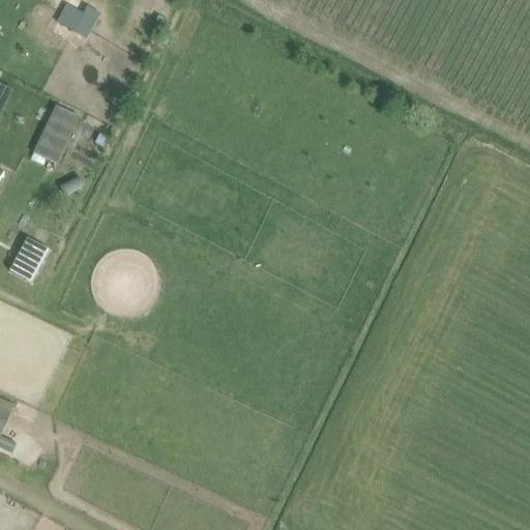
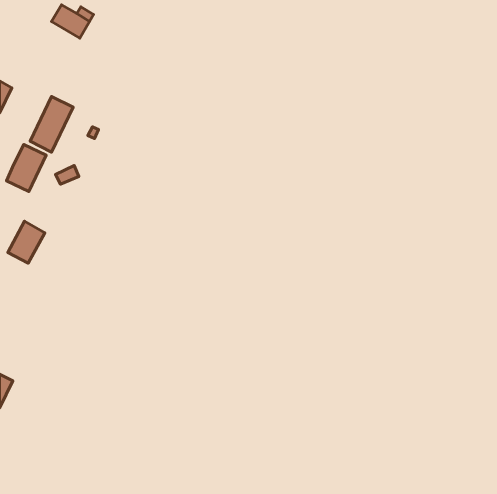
building: none -> [6,145,46,192]

